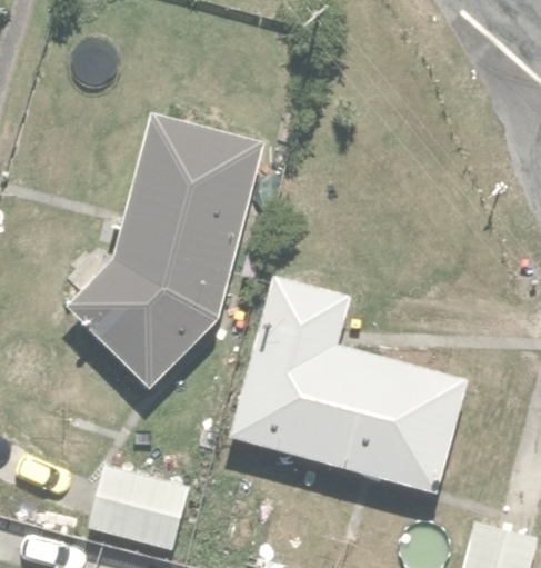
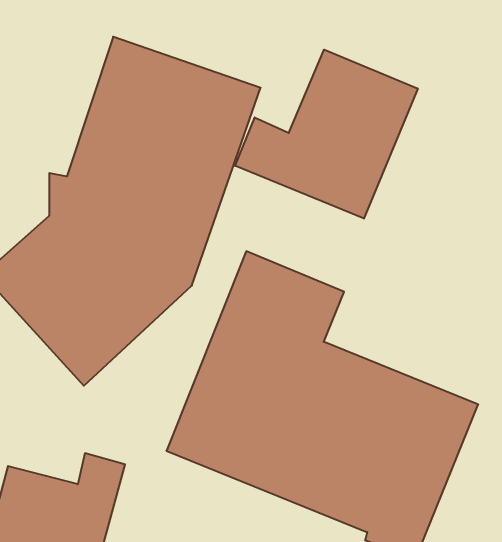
building: none -> [235,50,418,219]

